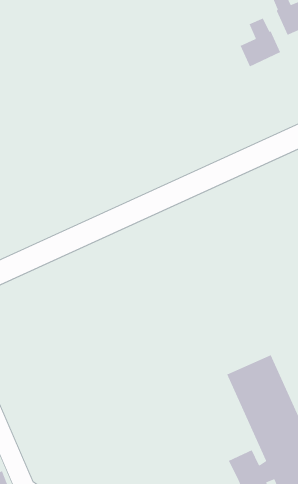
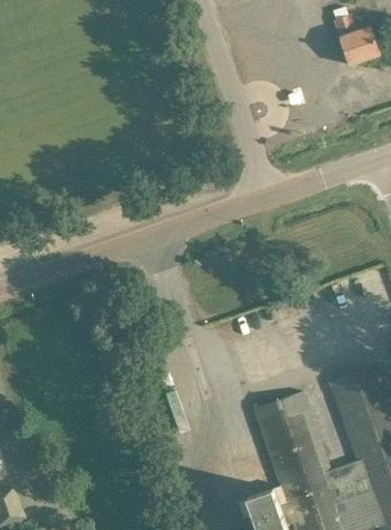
building: [240,18,281,68] -> none

